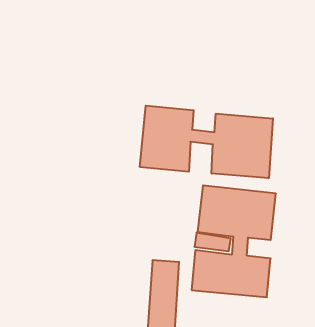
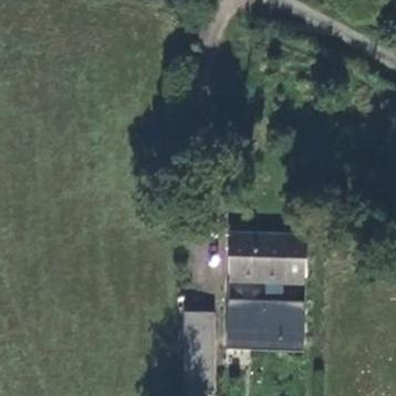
building: [140,106,273,178] -> none

